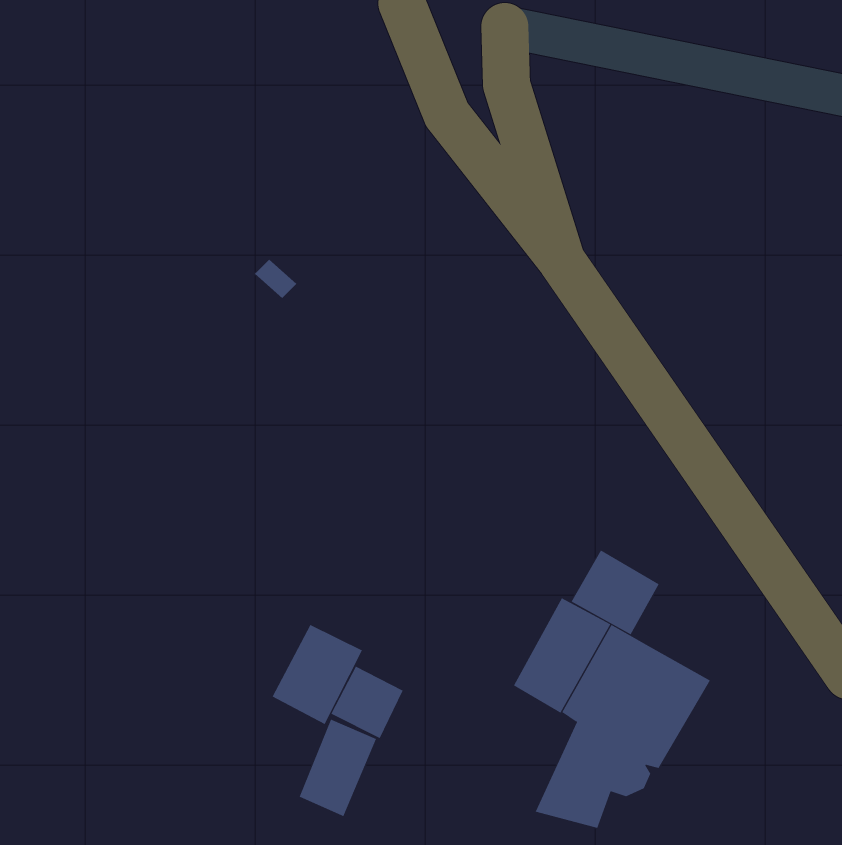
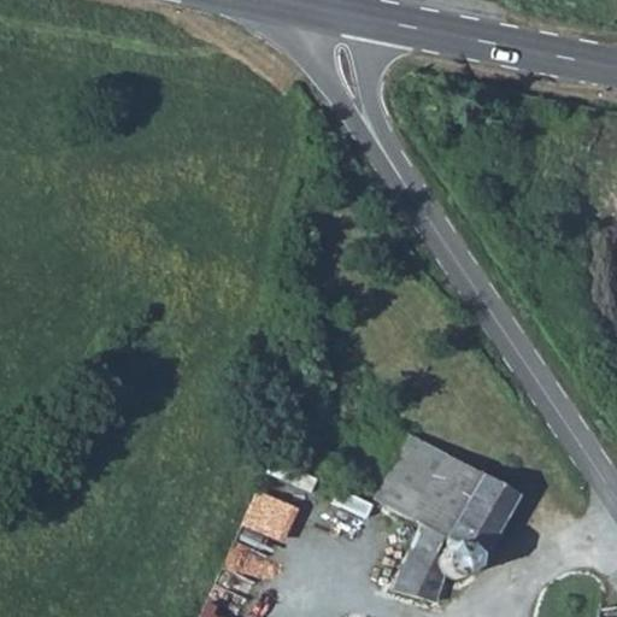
building: [571,550,659,635] -> none
building: [272,624,363,725] -> none

